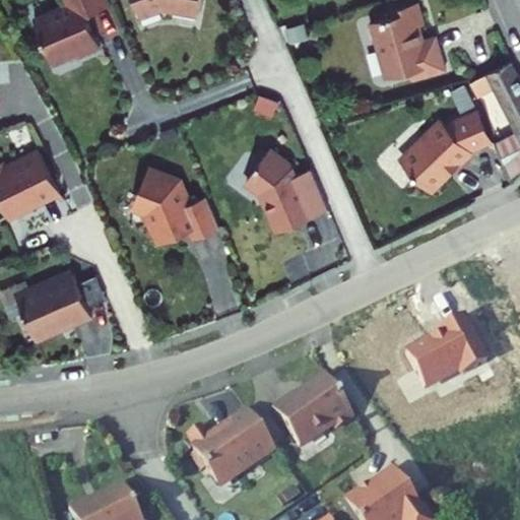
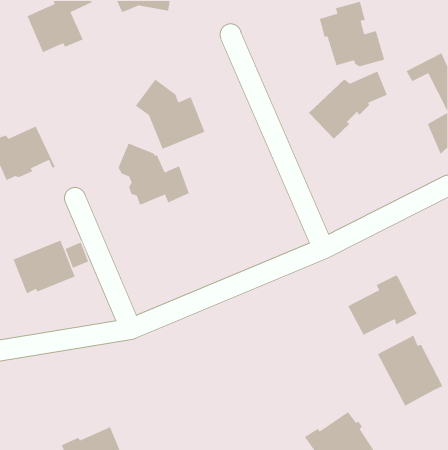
building: [397,113,489,192] -> [308,70,388,139]
building: [245,148,326,231] -> [135,78,205,150]
building: [279,379,361,449] -> none
building: none -> [377,334,444,407]
building: [195,414,281,485] -> none

